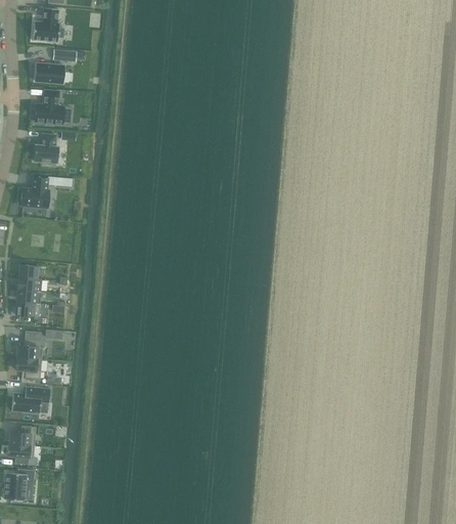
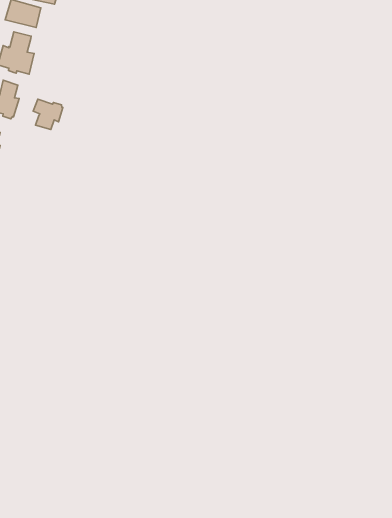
building: none -> [33,99,63,130]

